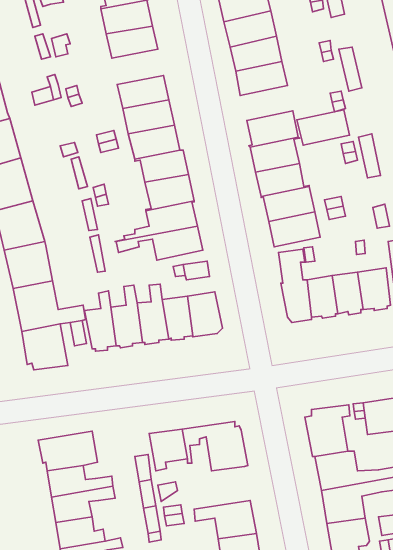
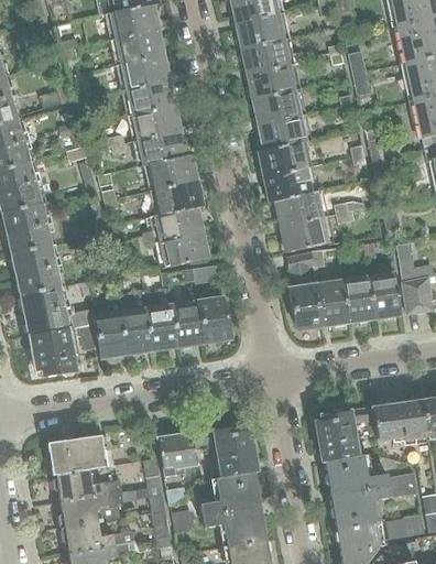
building: none -> [120,53,172,88]
building: [297,110,349,145] -> [249,89,302,124]
building: none -> [200,471,259,514]

